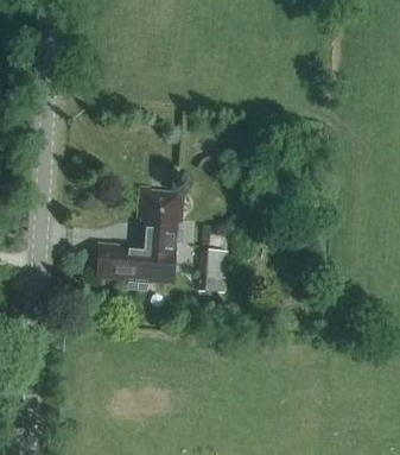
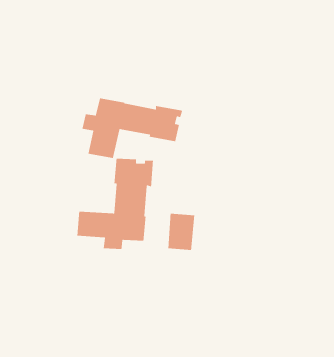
building: none -> [82,97,183,159]

